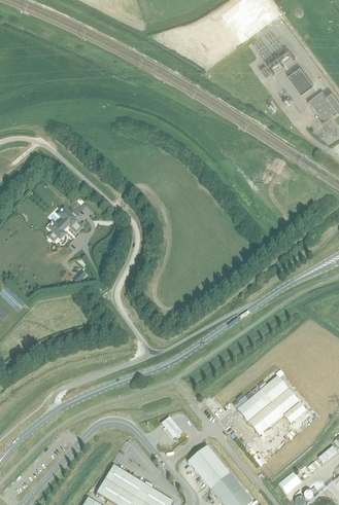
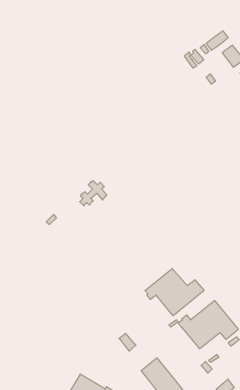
building: [49,209,82,240] -> [80,181,107,206]
building: none -> [145,268,204,316]

